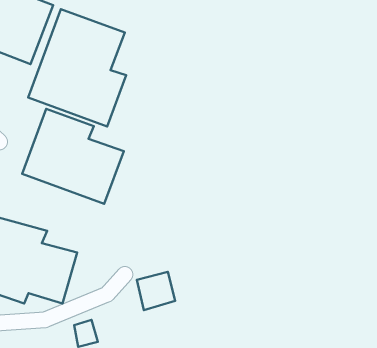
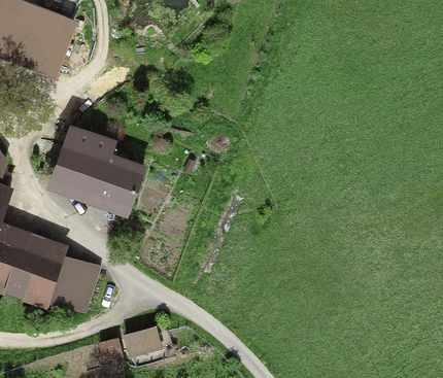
building: [28,9,126,127] -> none
building: [137,272,175,310] -> [122,318,160,356]

